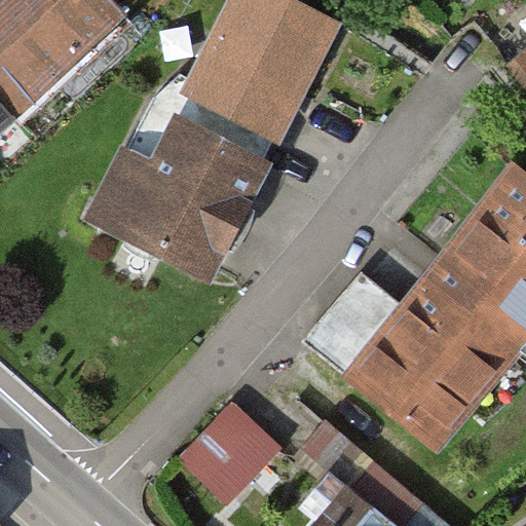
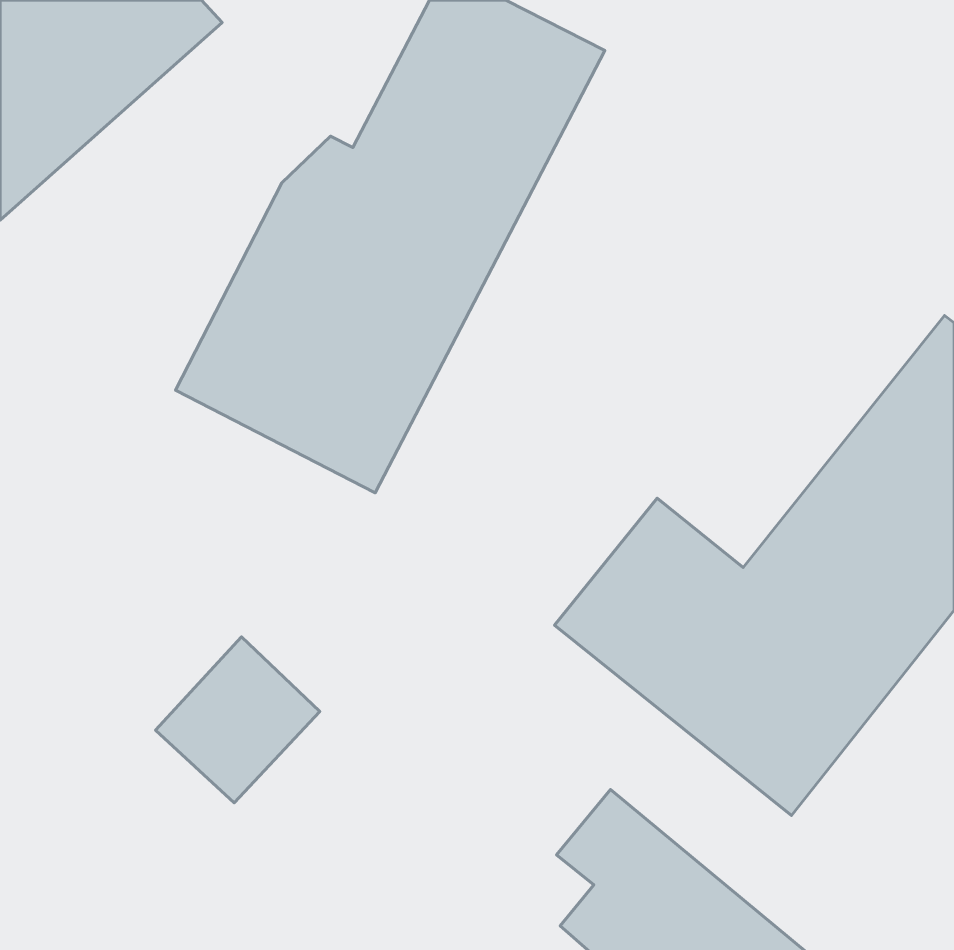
building: [187,410,277,501] -> [156,637,320,803]

